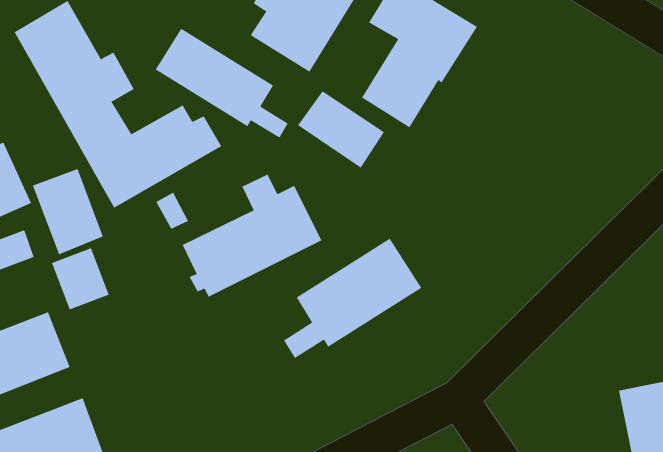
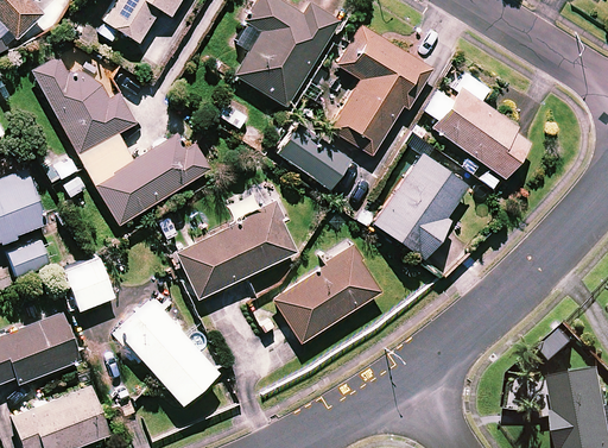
building: [155,28,289,139] -> none
building: none -> [425,75,531,190]
building: none -> [374,153,468,258]
building: [32,168,104,255] -> none
building: none -> [116,294,217,403]

